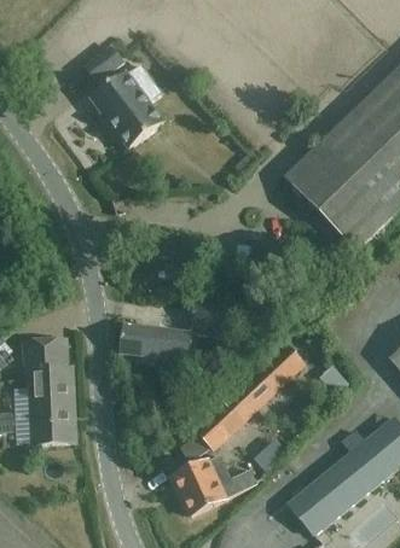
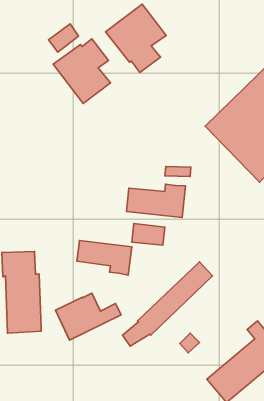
building: none -> [105,4,166,72]
building: none -> [127,184,185,218]
building: [172,455,256,515] -> [55,293,121,340]

